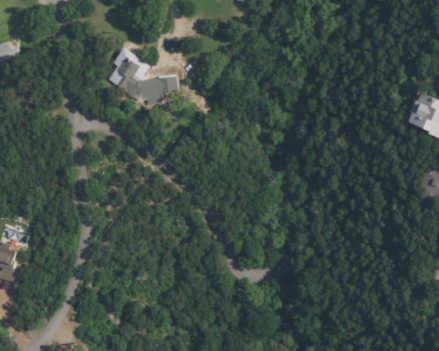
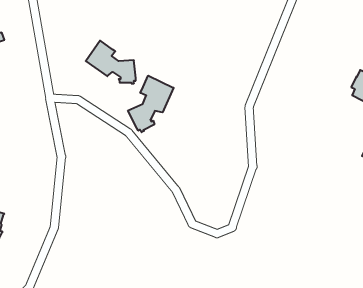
building: none -> [128,76,174,132]

